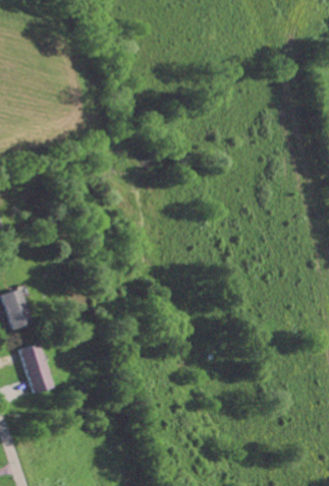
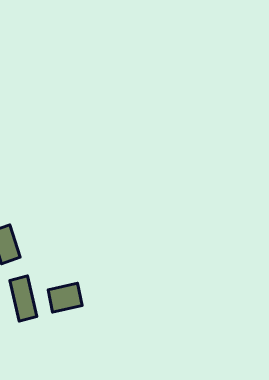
building: none -> [48,283,82,312]

